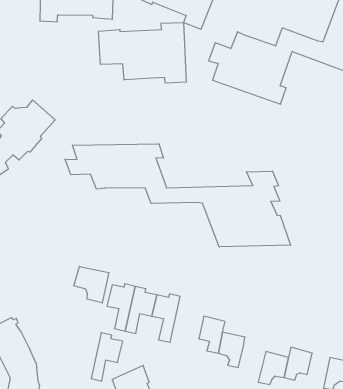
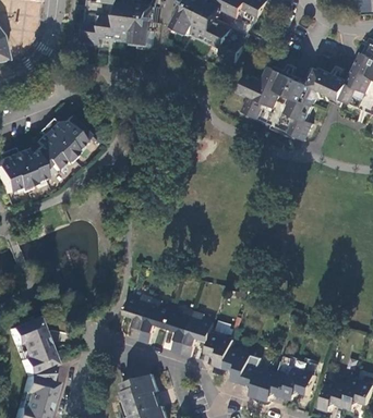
building: [98,23,186,83] -> none
building: [65,144,291,247] -> none
building: [74,266,109,303] -> none
building: [91,333,123,381] -> [181,311,214,357]
building: none -> [243,364,270,398]

